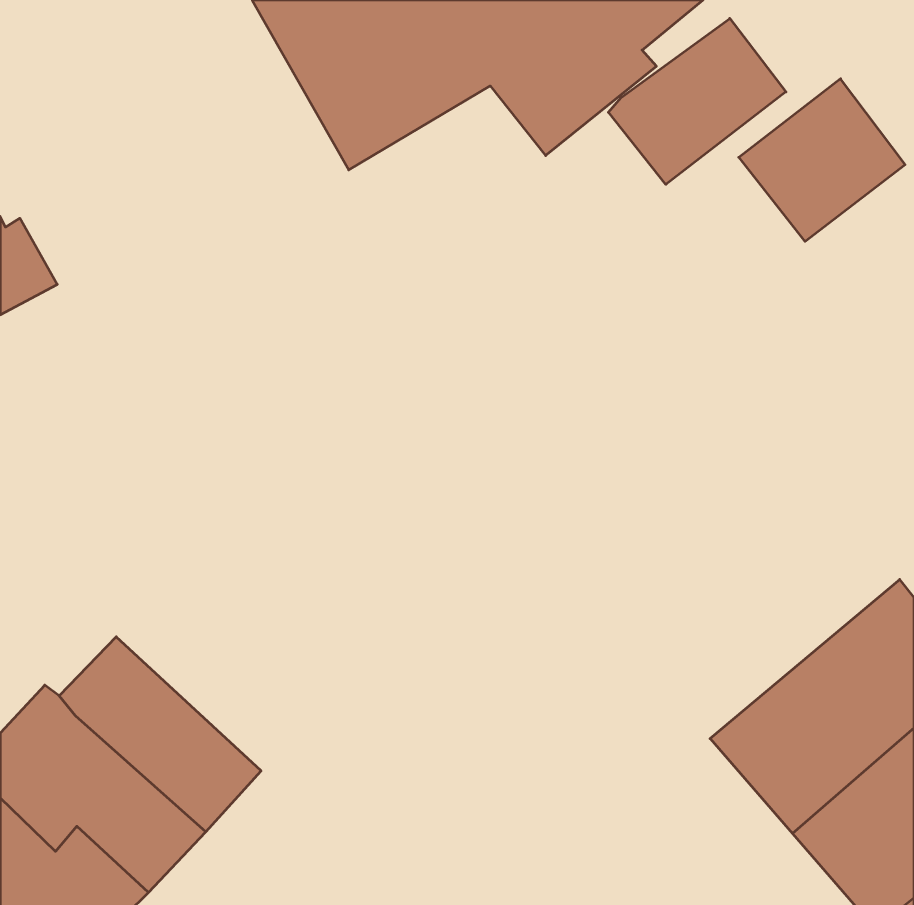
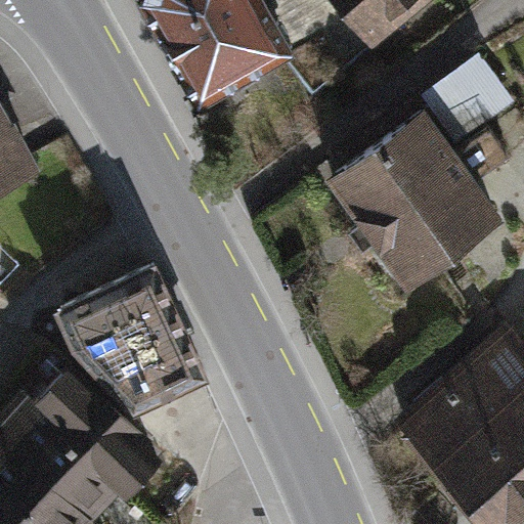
building: [608,18,786,184] -> none
building: none -> [336,115,508,277]
building: none -> [60,267,204,407]

